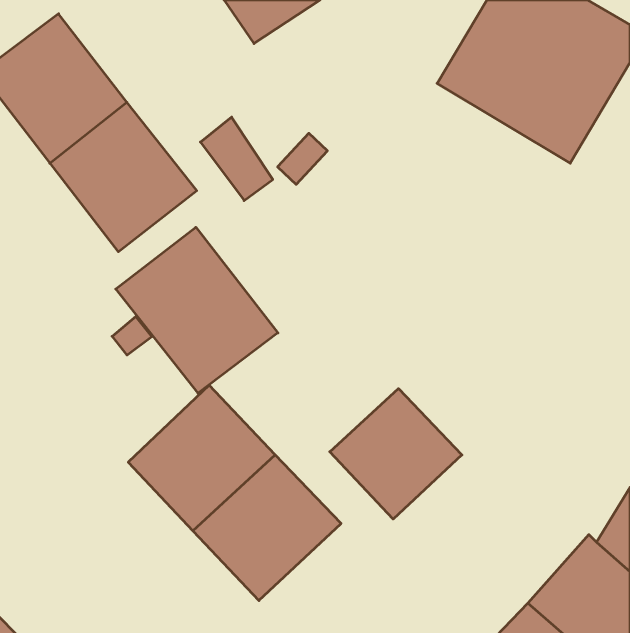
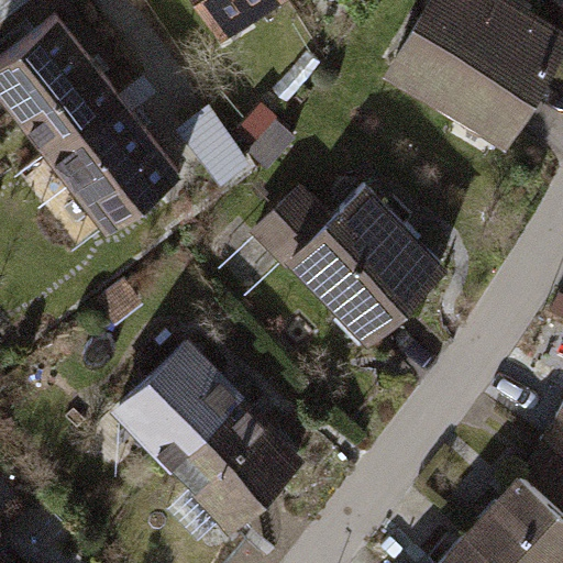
building: none -> [253,186,443,346]
building: [116,227,278,393] -> none
building: [330,389,462,519] -> none

